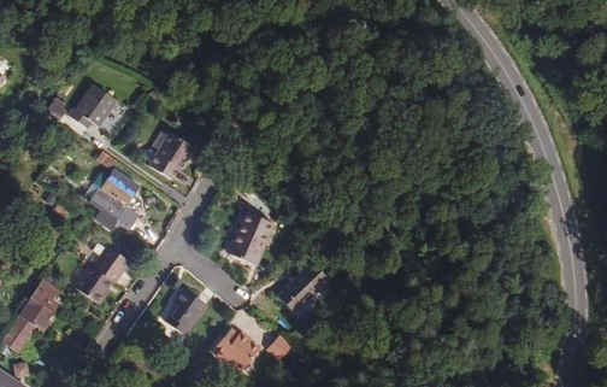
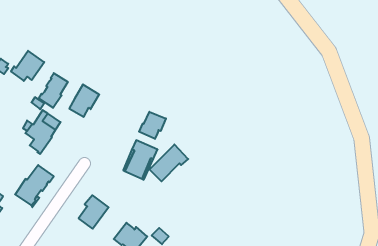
building: none -> [39,73,68,108]
building: none -> [139,112,166,139]
building: [276,262,330,313] -> [150,144,188,181]

